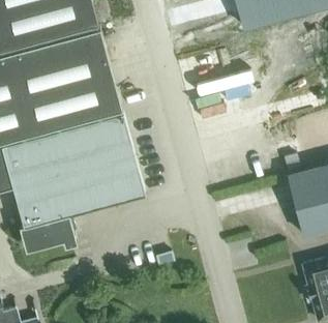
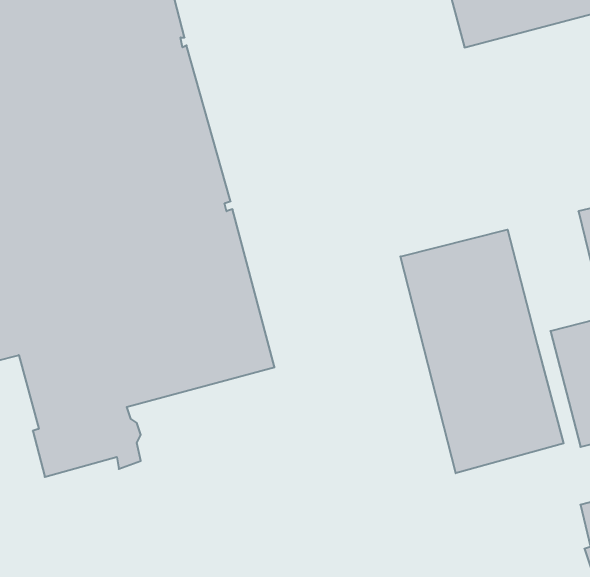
building: none -> [400,230,564,473]

